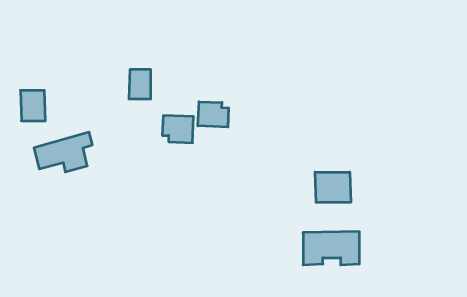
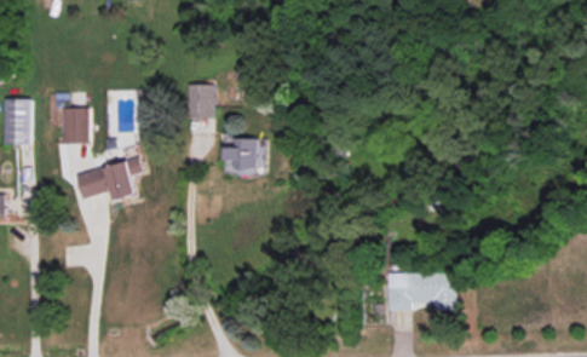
building: [198,102,229,127] -> none
building: [315,172,351,202] -> none

